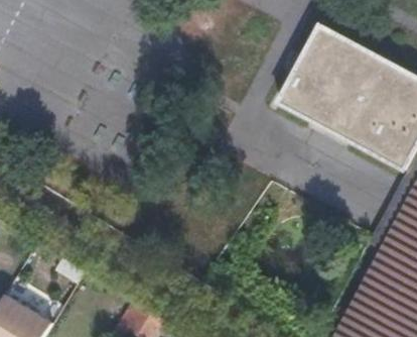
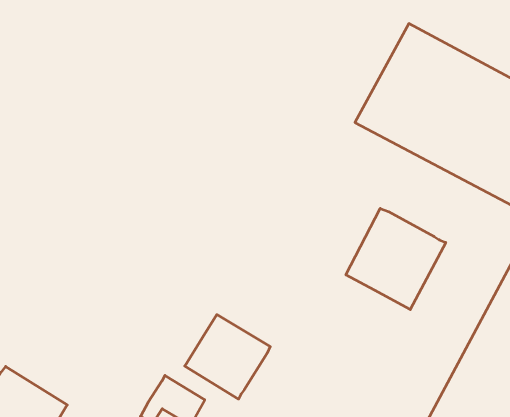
building: none -> [346,208,446,310]
building: none -> [185,315,270,399]

